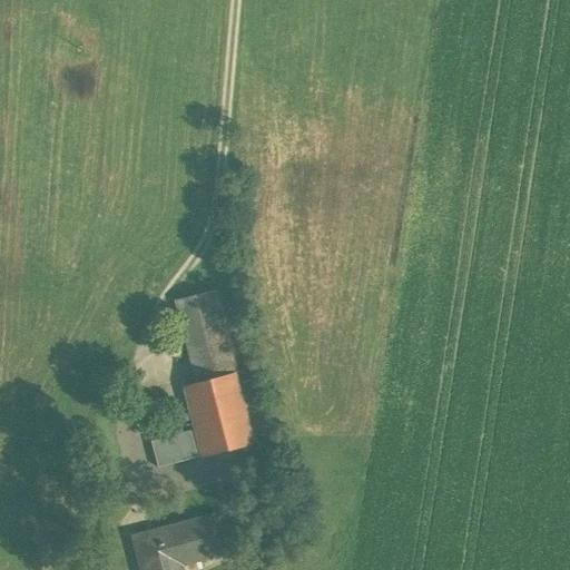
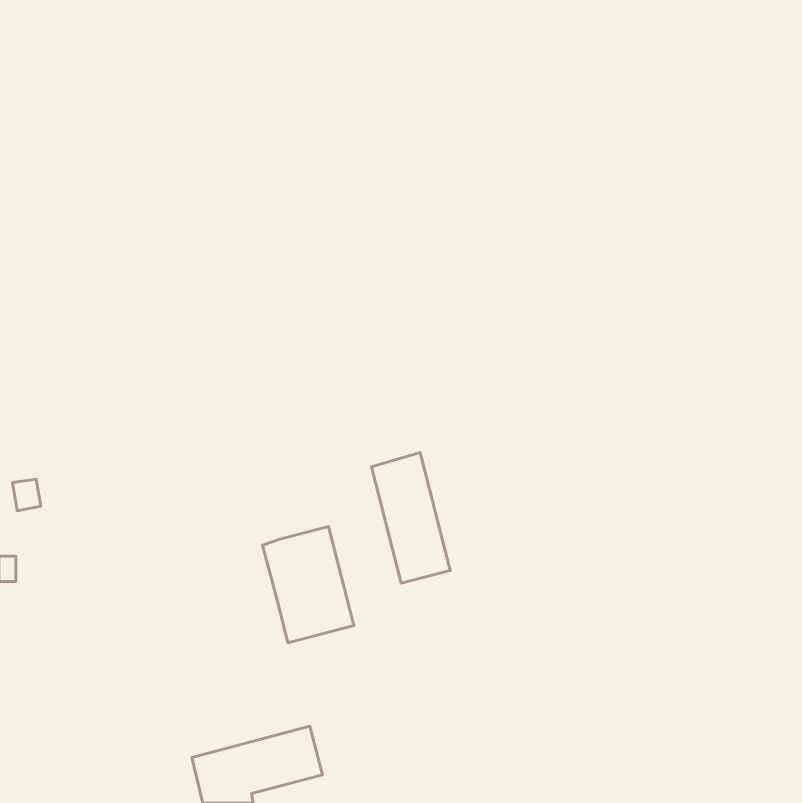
building: [177,289,233,382] -> [371,453,450,583]
building: [151,429,204,466] -> none

